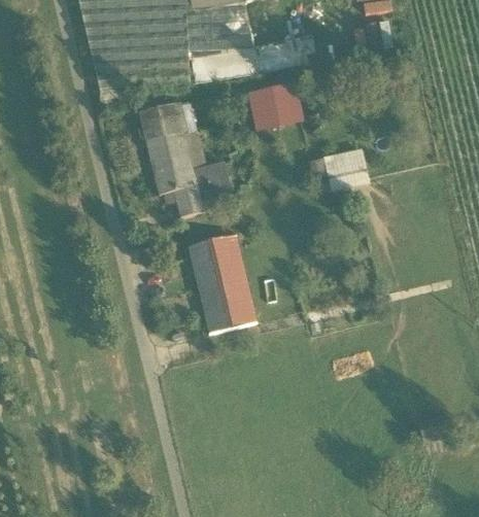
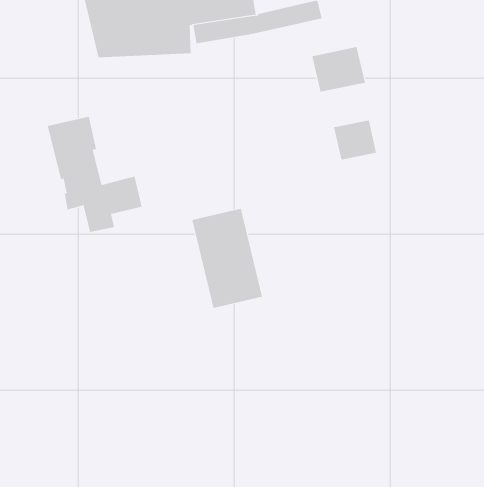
building: [249,83,302,128] -> [311,46,366,92]
building: [138,103,231,215] -> [47,116,143,232]

